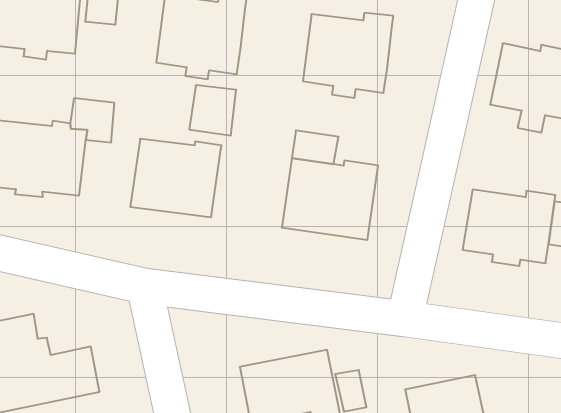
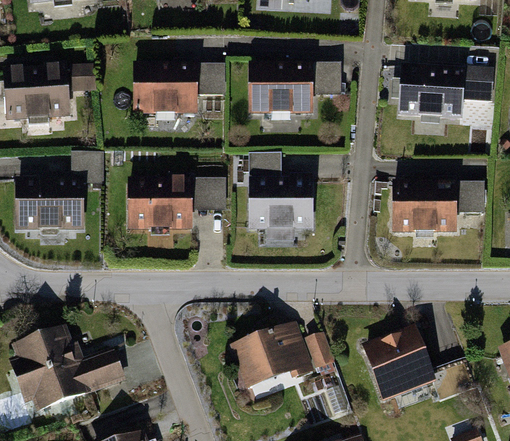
building: none -> [195,61,226,96]
building: none -> [311,60,342,95]
building: [189,85,236,135] -> [192,175,225,211]

